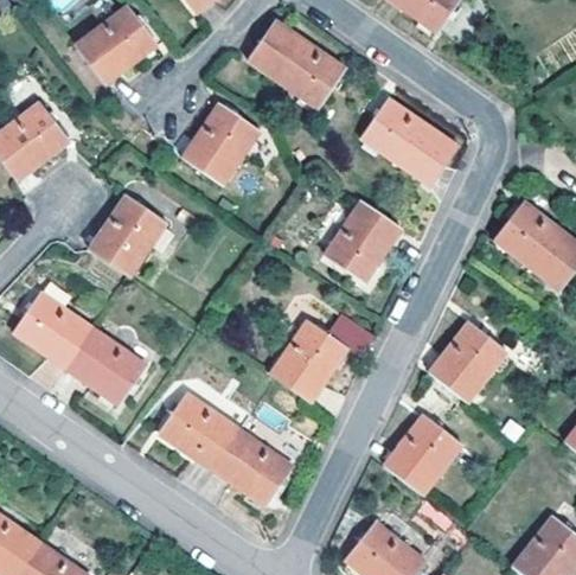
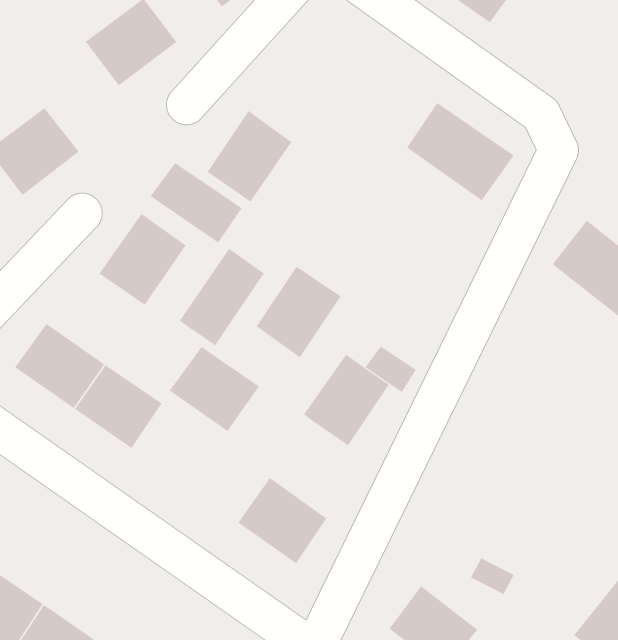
building: [248,17,343,106] -> none
building: none -> [150,162,243,243]
building: [325,200,401,282] -> [256,266,342,358]
building: none -> [179,248,264,346]
building: [428,321,505,403] -> none
building: [160,394,241,469] -> [169,346,260,432]
building: [383,414,460,496] -> none

